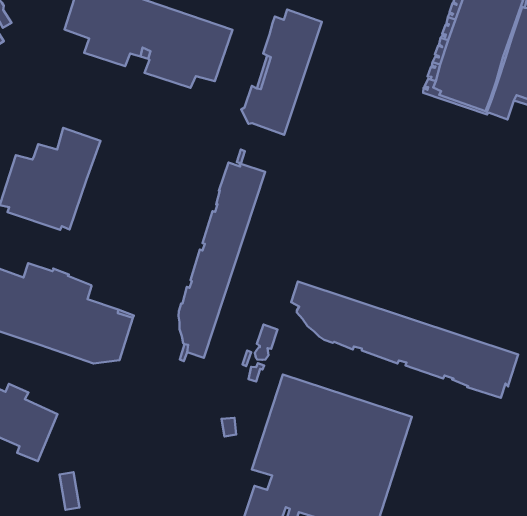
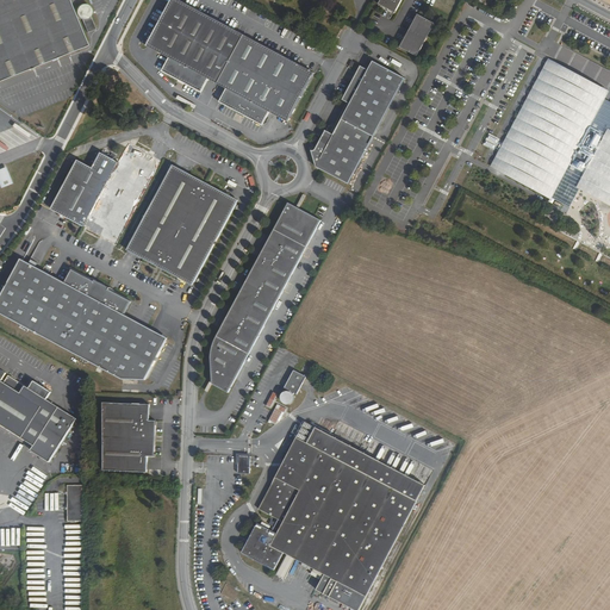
building: none -> [127,164,237,282]
building: [291,282,518,398] -> none
building: none -> [99,400,156,469]

